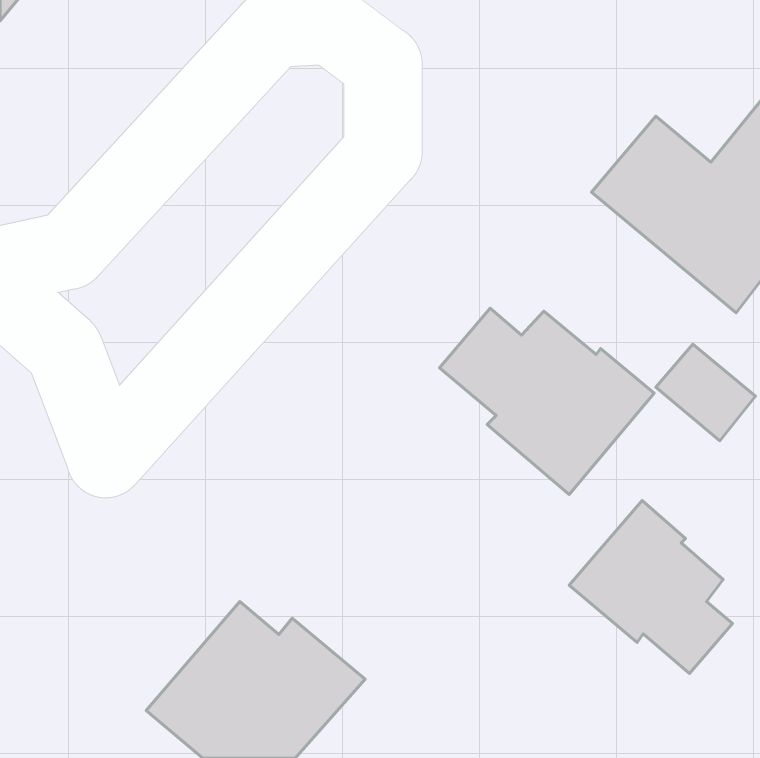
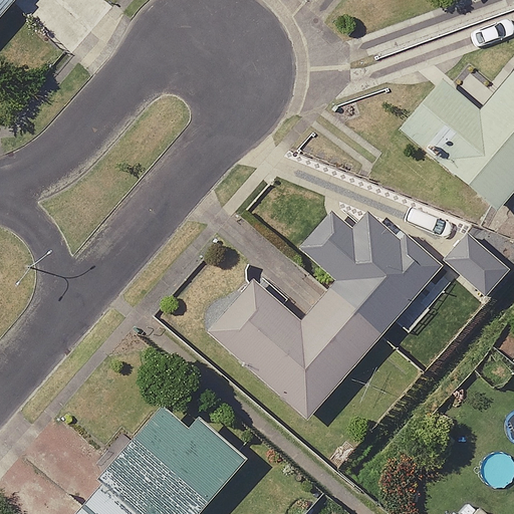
building: none -> [206,278,384,422]
building: [569,501,732,674] -> none

